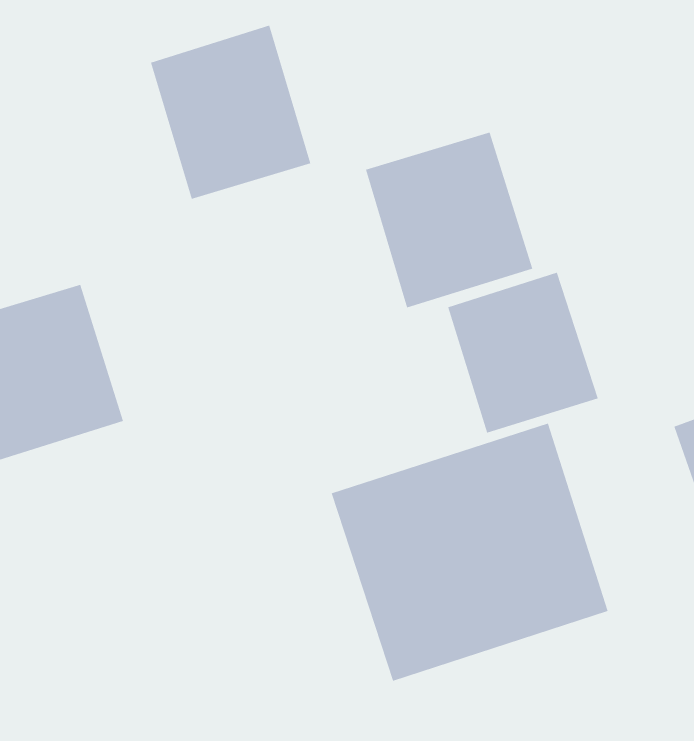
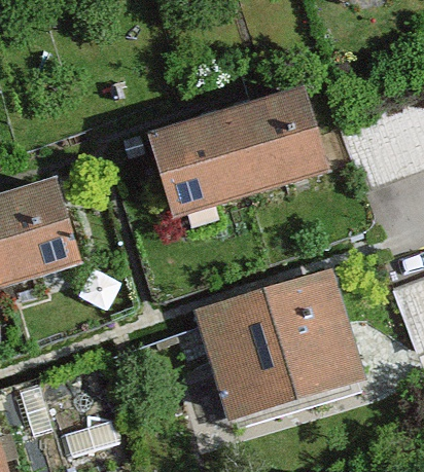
building: [150,25,311,200] -> [149,113,246,218]
building: [448,272,598,433] -> none

